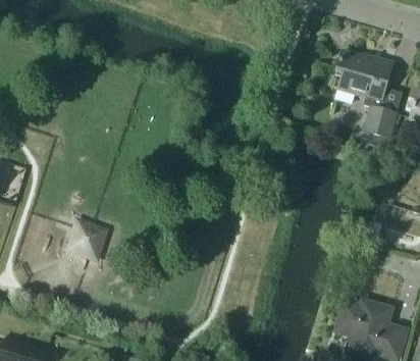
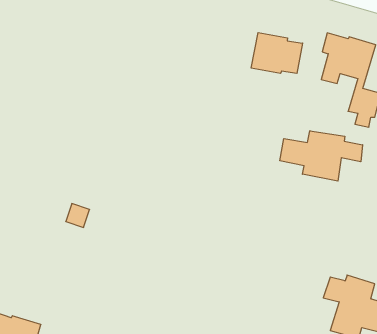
building: none -> [251,33,303,73]
building: none -> [280,131,363,181]

